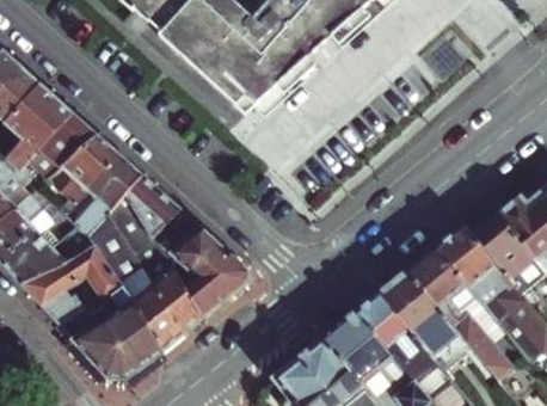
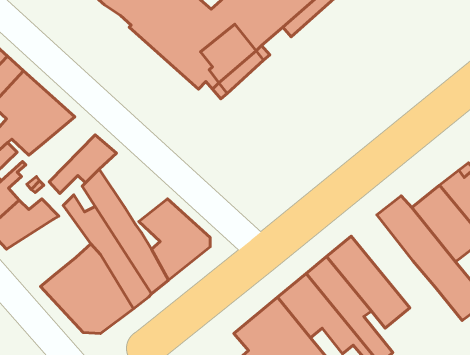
building: [57,133,118,205] -> none
building: [123,173,199,253] -> none
building: [19,236,113,322] -> none
building: [405,242,515,379] -> none

